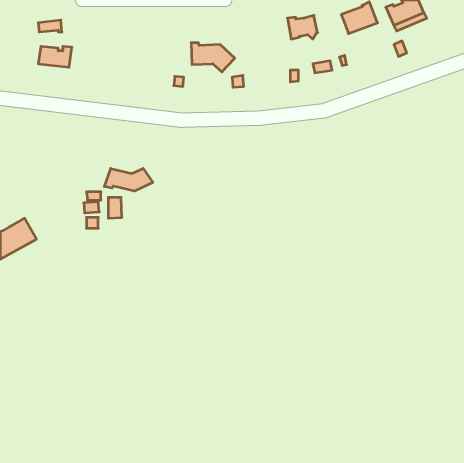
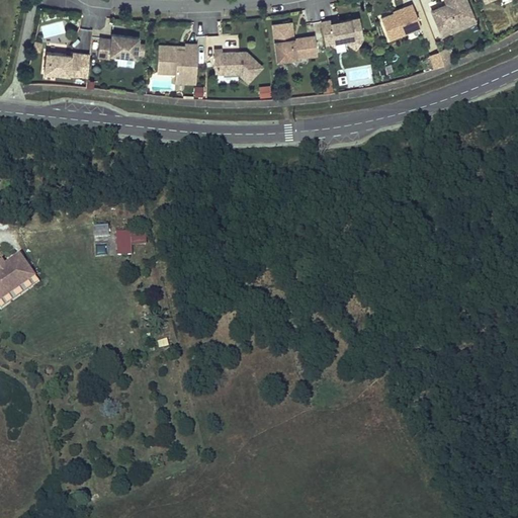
building: none -> [272,22,318,61]
building: none -> [97,34,139,59]
building: none -> [157,44,197,78]
building: [104,168,153,191] -> none

